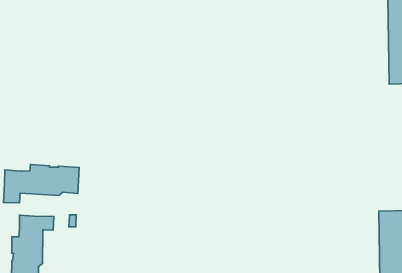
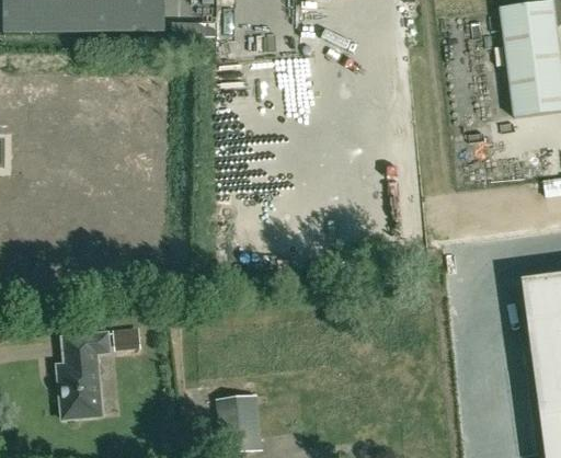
building: [4,165,79,203] -> none

